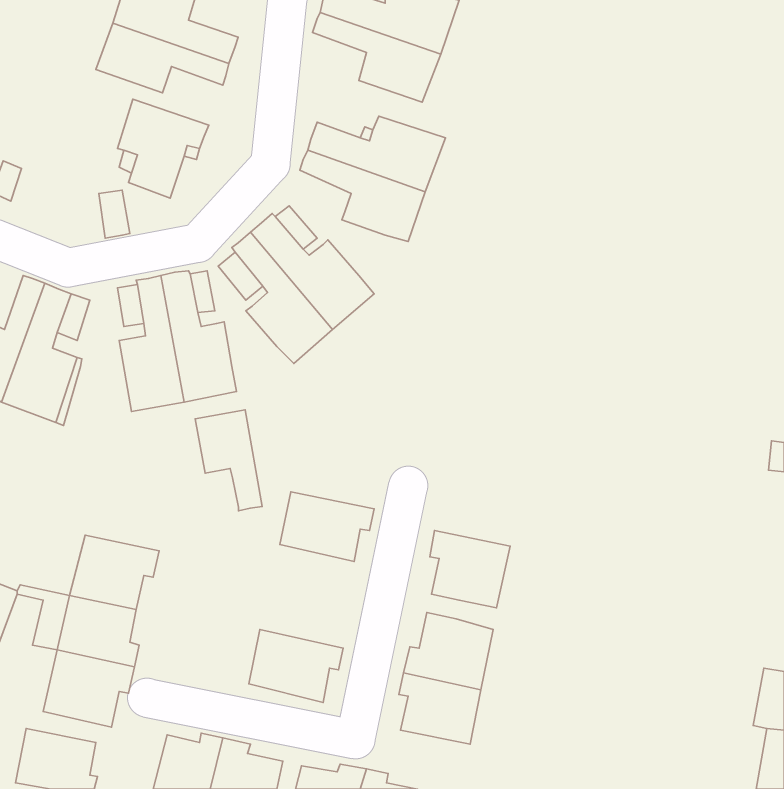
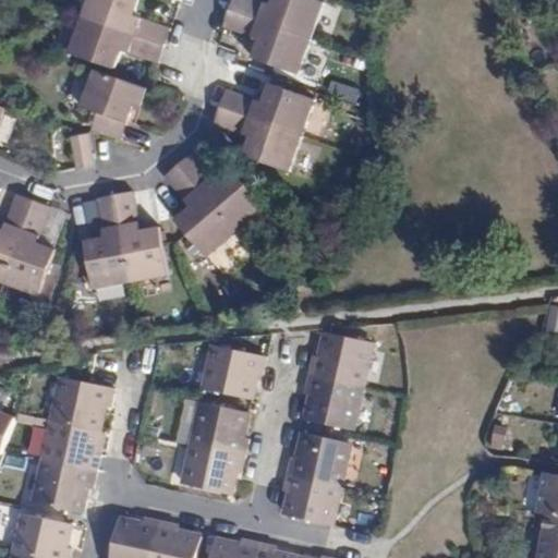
building: [195,410,262,511] -> none
building: none -> [306,333,368,385]
building: none -> [183,401,246,457]

